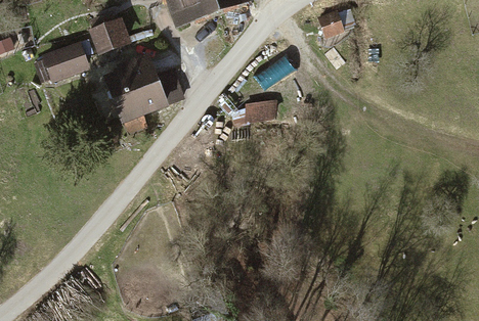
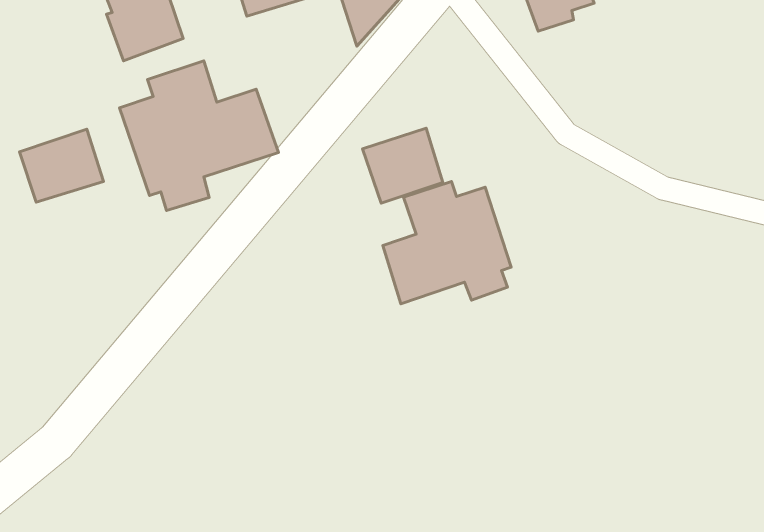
building: [43,41,89,81] -> [19,129,104,202]
building: none -> [383,181,511,304]

